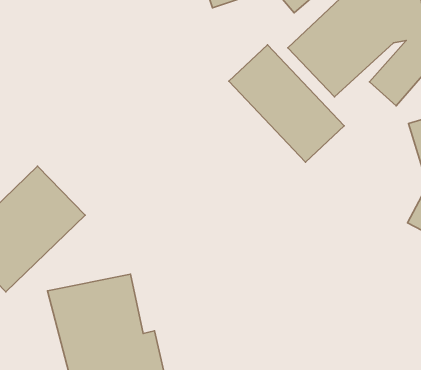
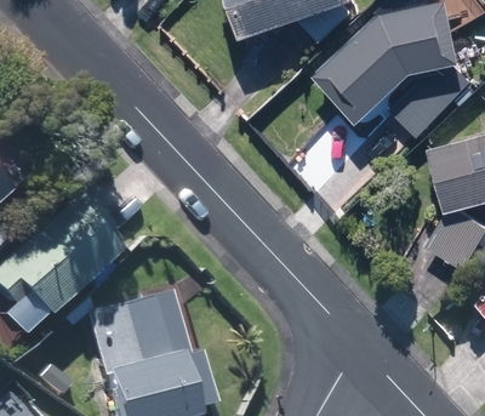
building: [229,45,344,162] -> none

